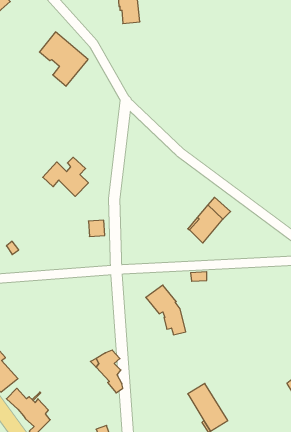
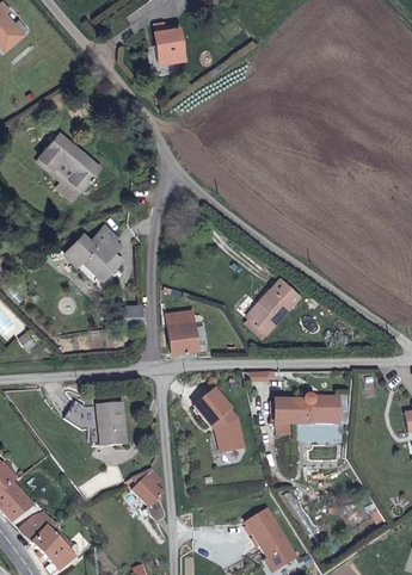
building: [39,32,88,86] -> [39,132,100,200]
building: none -> [167,322,197,352]
building: none -> [276,395,340,422]
building: none -> [64,400,125,445]

